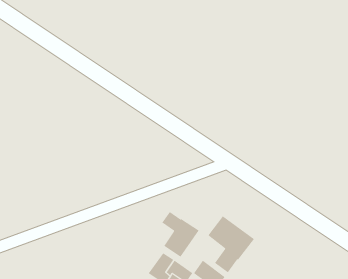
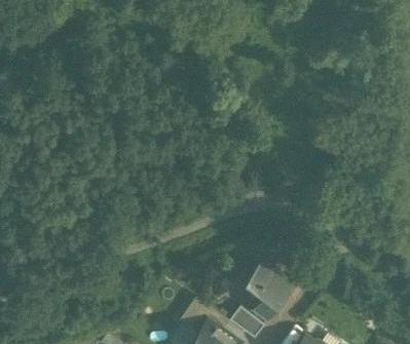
building: [162,211,199,257] -> none

